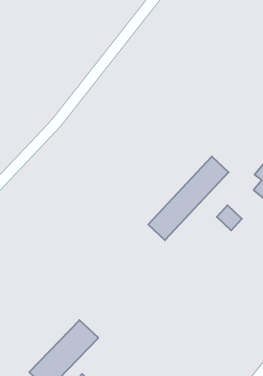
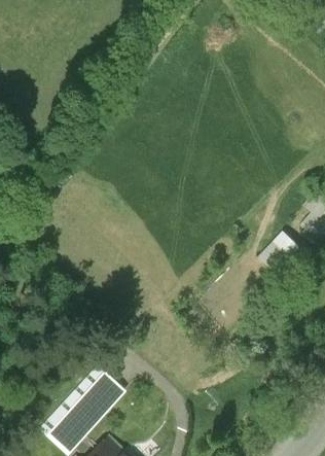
building: [148,156,229,240] -> none

